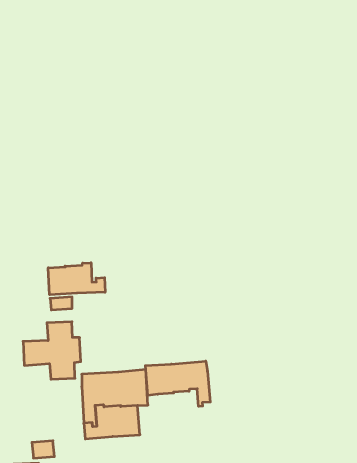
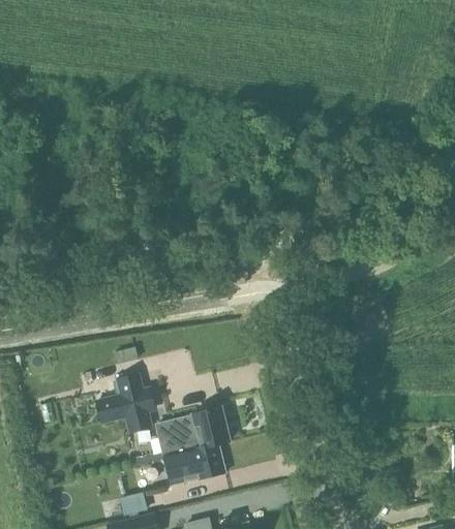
building: [48,263,105,295] -> none
building: [145,361,210,406] -> none

